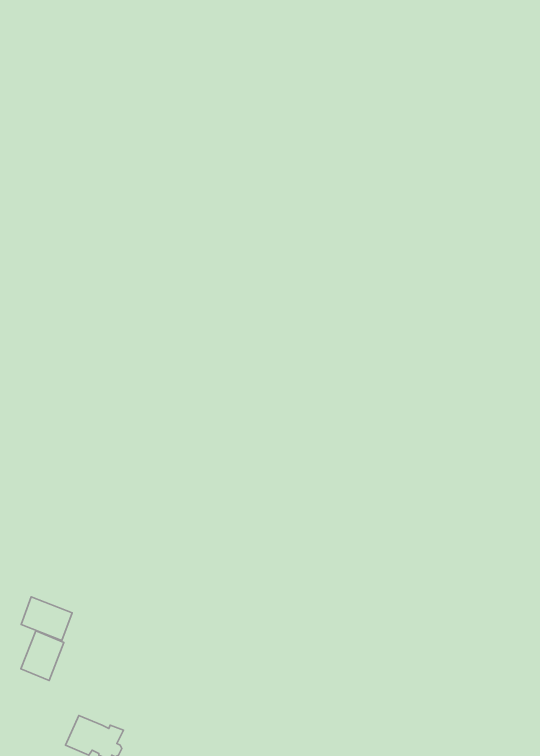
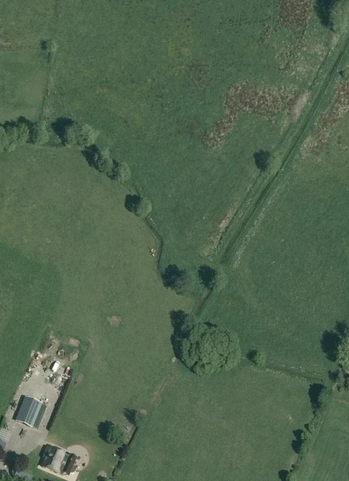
building: [21,597,72,641] -> none

